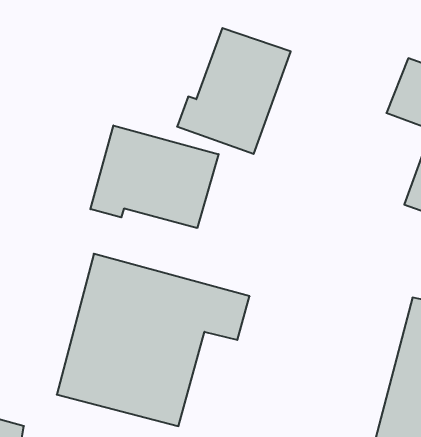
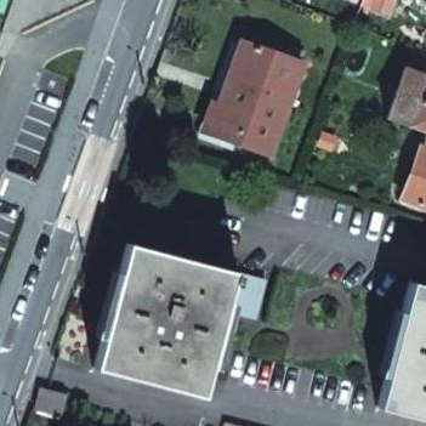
building: [90,125,219,228] -> none

